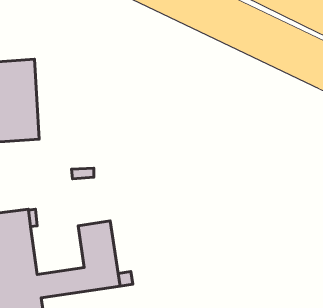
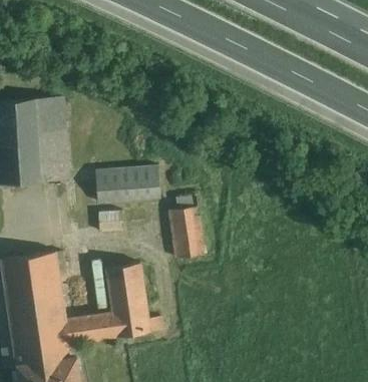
building: none -> [94,166,159,203]
building: none -> [168,196,205,258]

